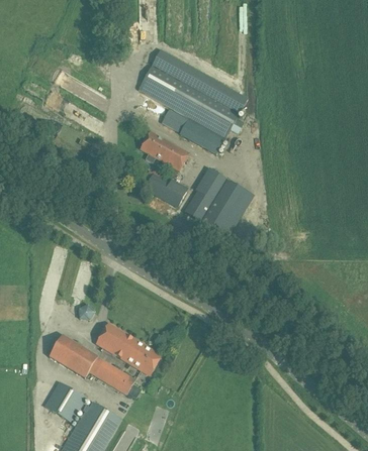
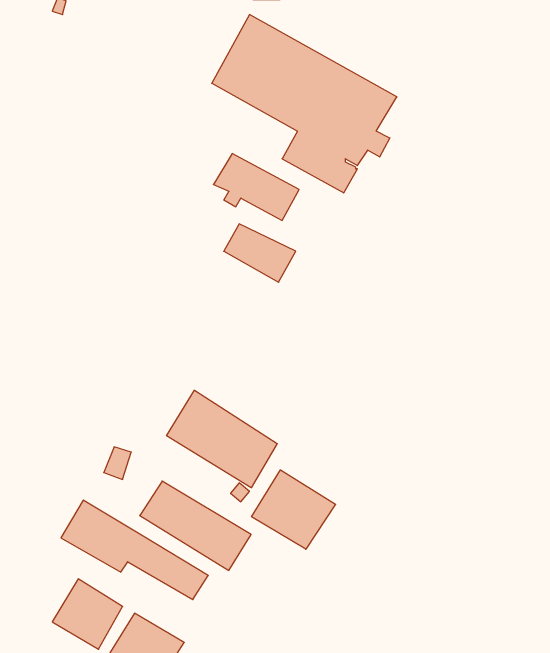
building: [183,168,247,234] -> none
building: none -> [167,390,277,488]
building: none -> [252,470,336,549]

